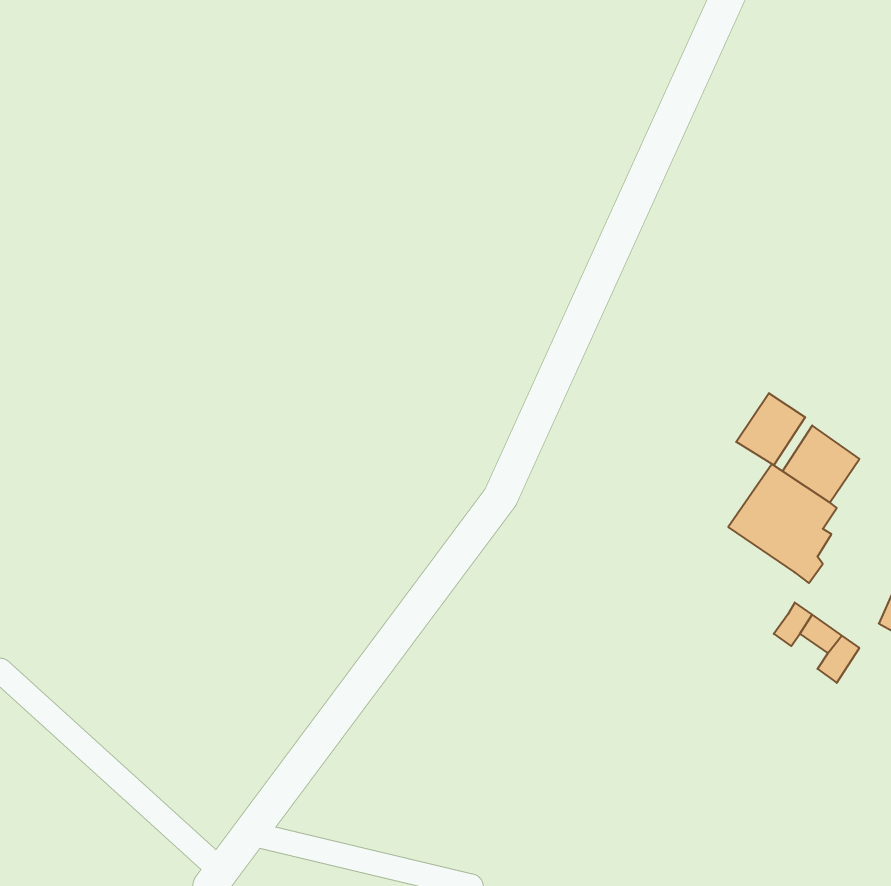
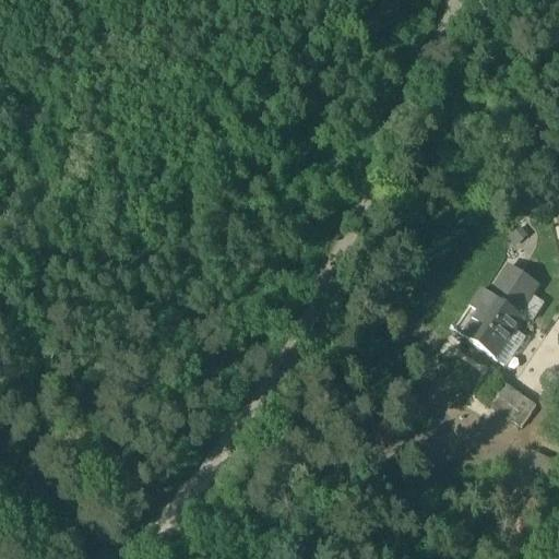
building: [736,393,805,465] -> none

